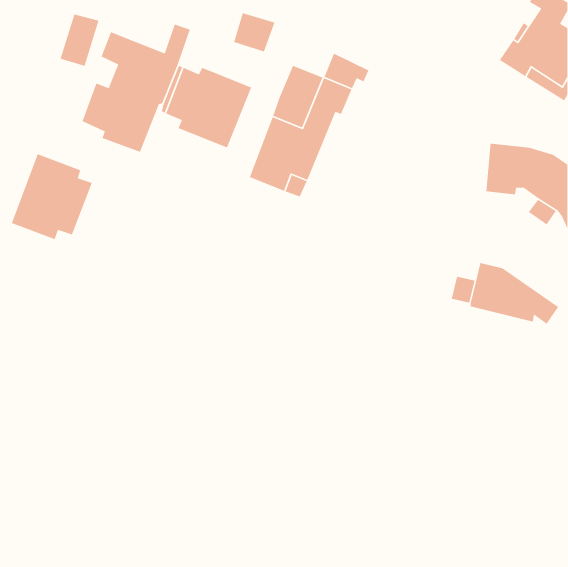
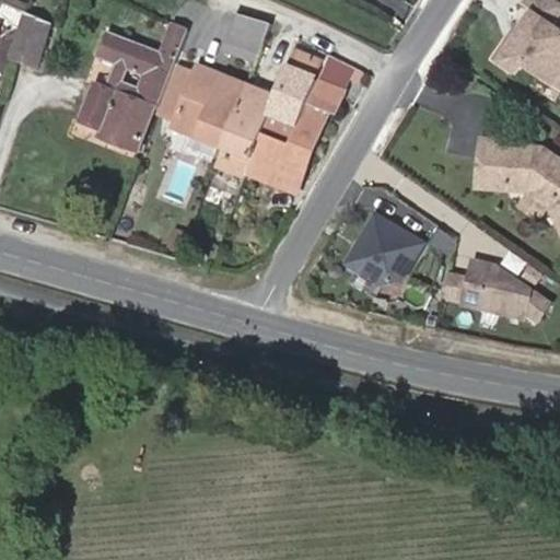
building: [59,13,100,67] -> [12,13,51,66]
building: none -> [215,85,273,176]
building: [11,153,93,240] -> none
building: none -> [343,211,422,281]

